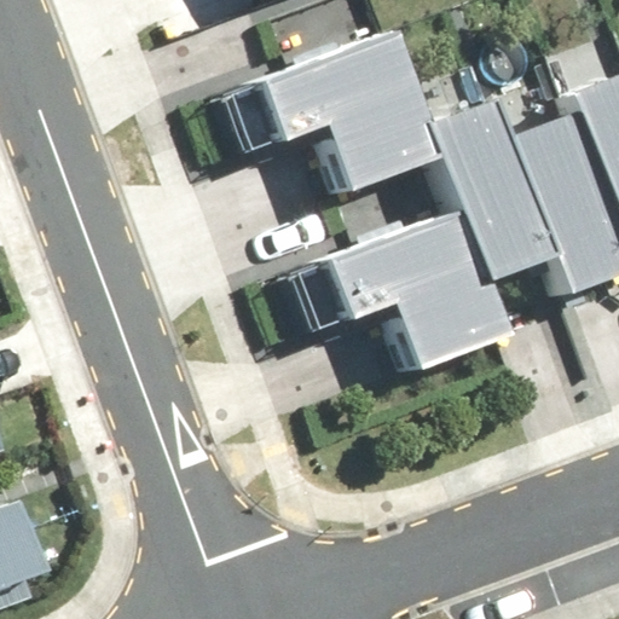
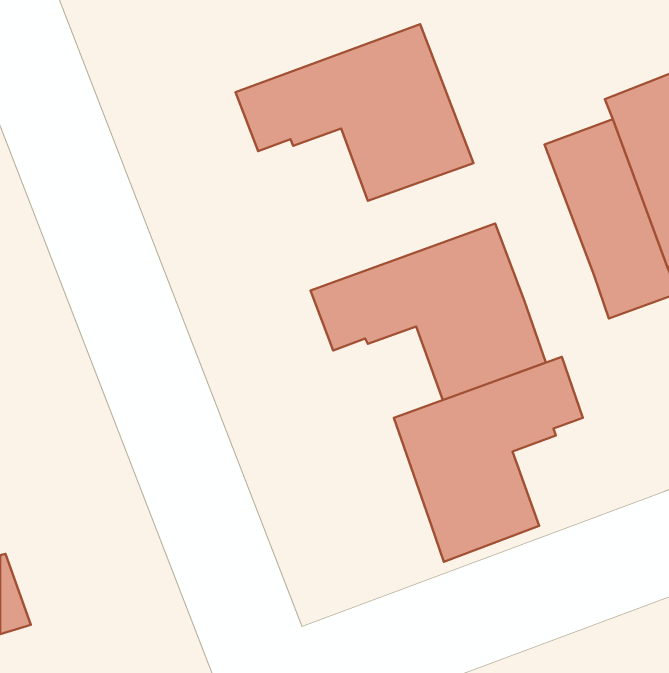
building: [429,102,550,282] -> none
building: none -> [394,357,583,562]

